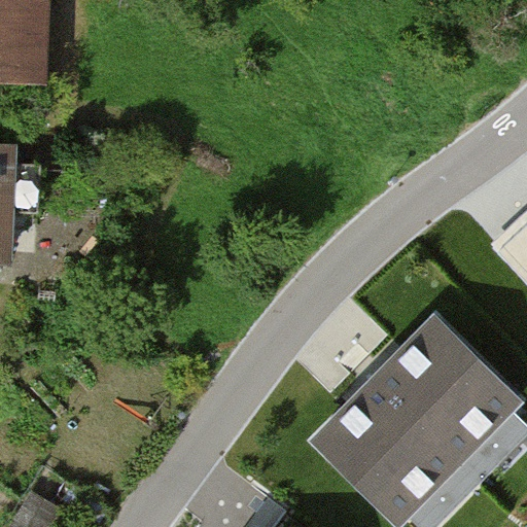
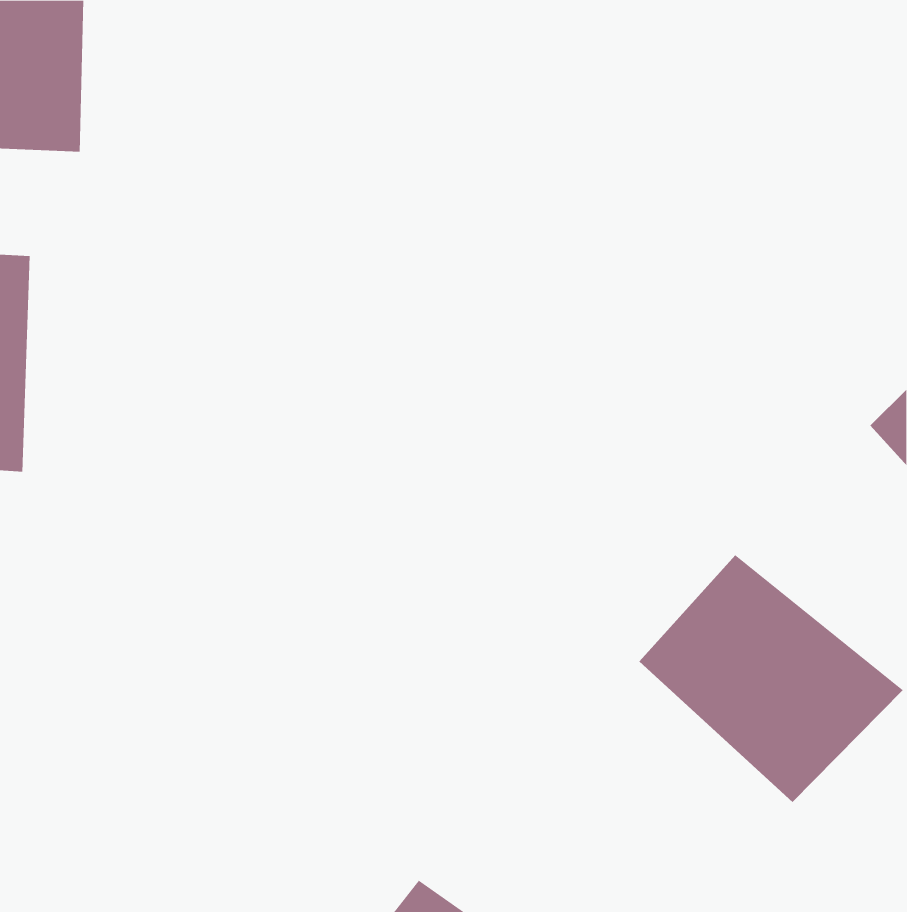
building: [314,382,456,516] -> none

